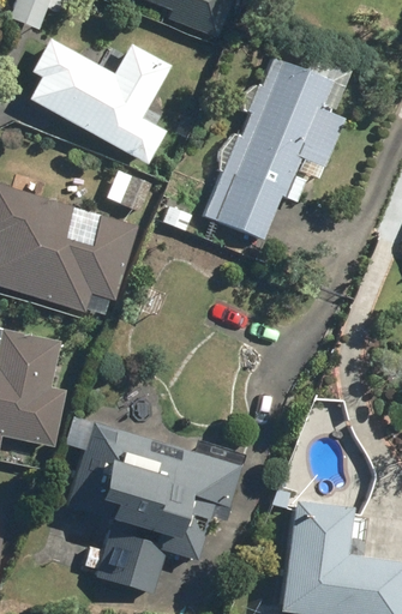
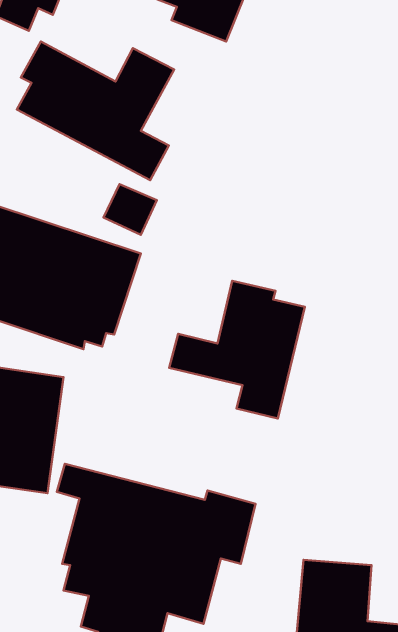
building: [206,59,346,241] -> none
building: none -> [169,281,305,418]

